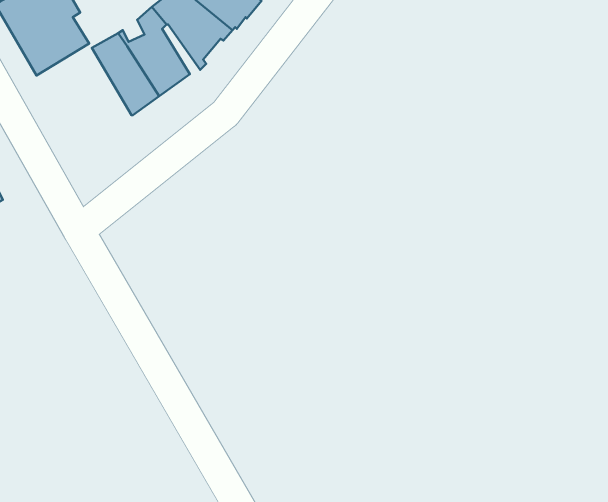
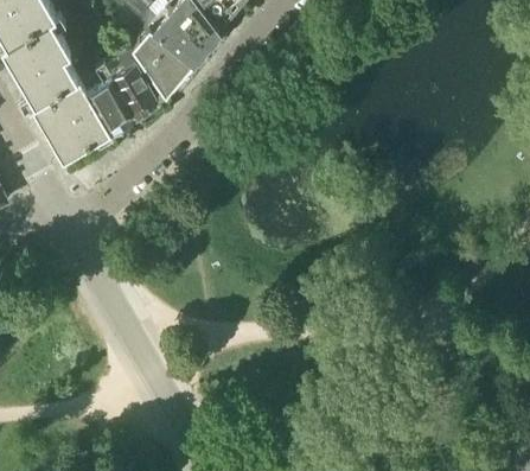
building: none -> [30,79,111,166]

